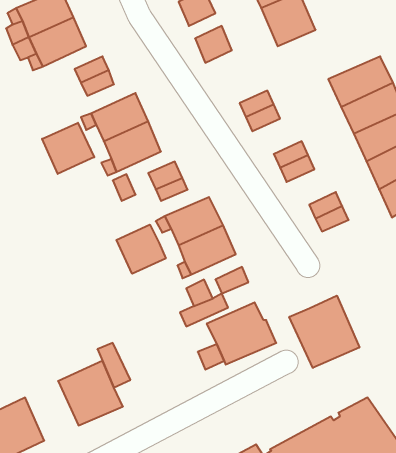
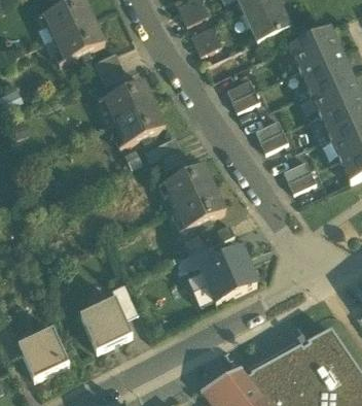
building: none -> [288,26,340,68]
building: [42,123,94,174] -> none
building: [116,225,166,274] -> none
building: [289,296,359,368] -> none

